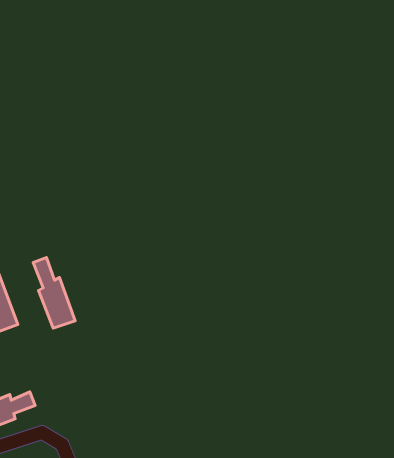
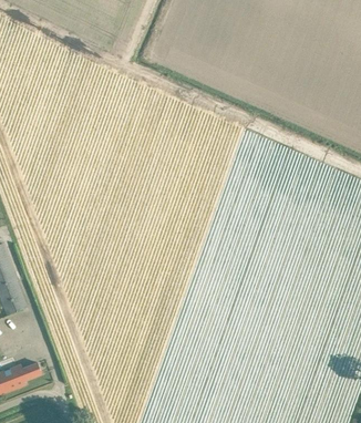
building: [33,258,75,328] -> none

